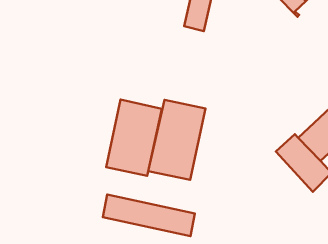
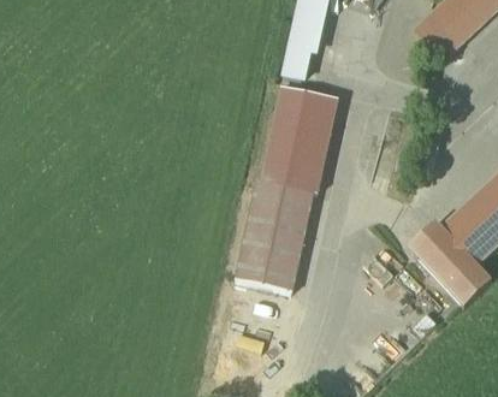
building: [106,100,162,176] -> [256,82,334,189]
building: [103,194,195,236] -> none

